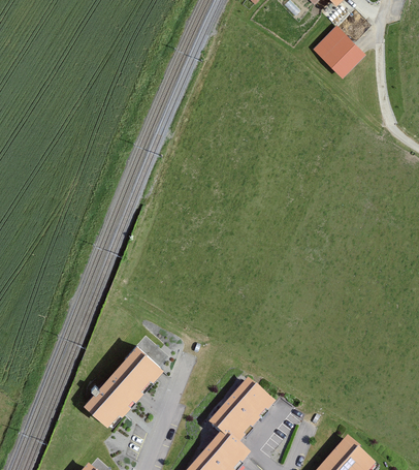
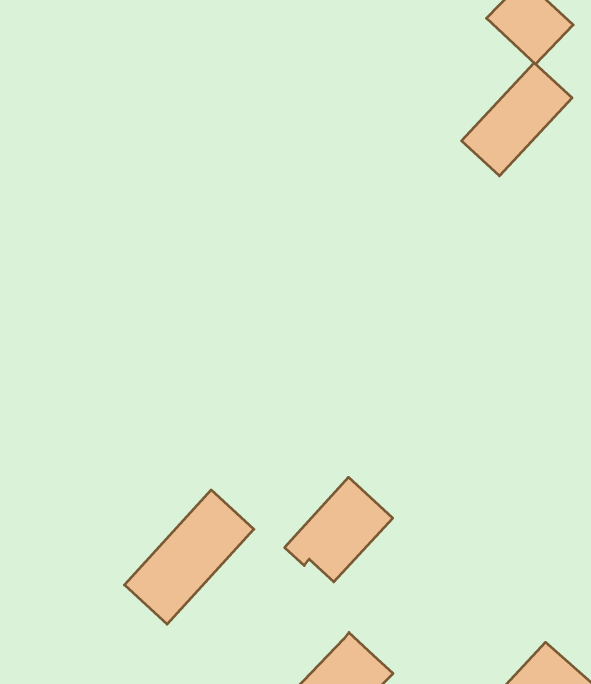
building: none -> [462,63,572,176]
building: [210,382,278,448] -> [285,477,393,582]

